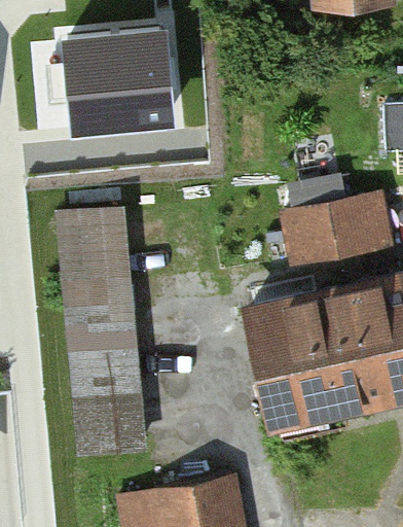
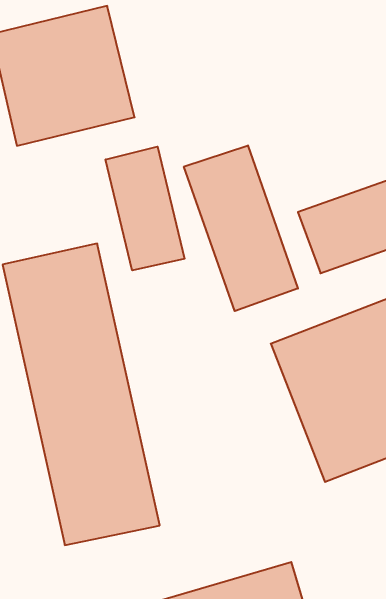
building: none -> [106,147,185,270]
building: none -> [184,145,298,311]

